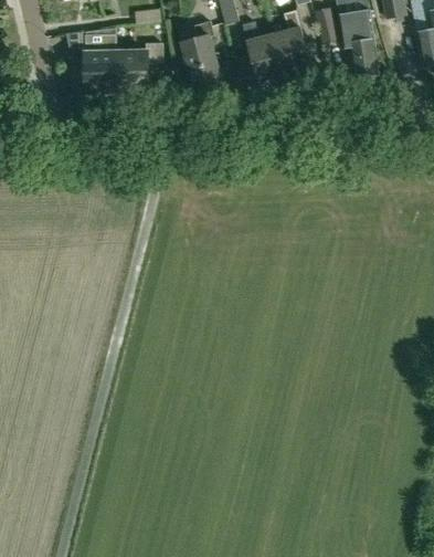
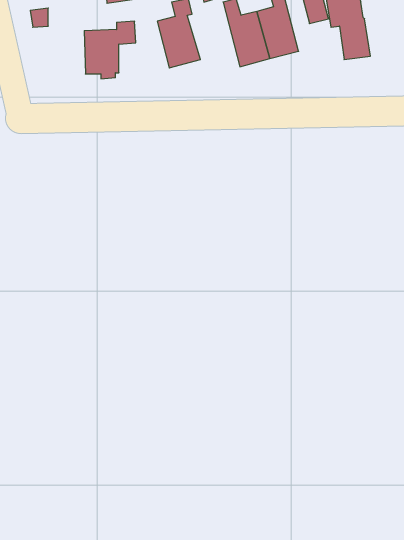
building: [81,32,116,91] -> none

